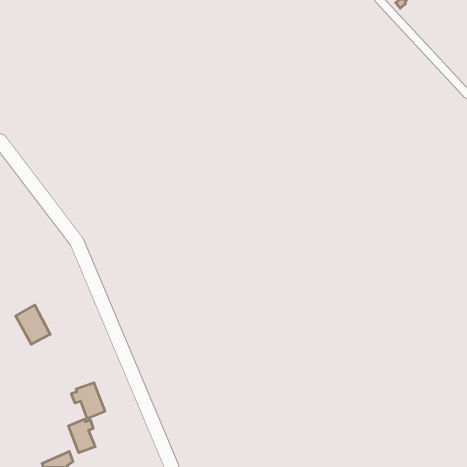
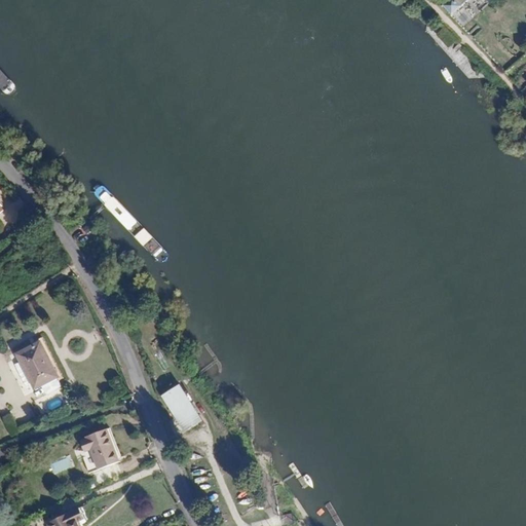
building: none -> [162,383,197,431]
building: [68,419,95,453] -> none

